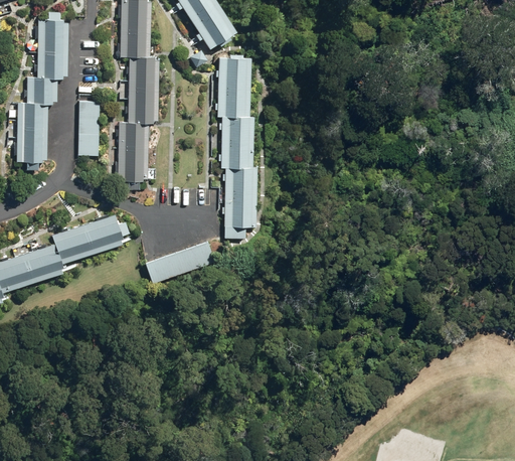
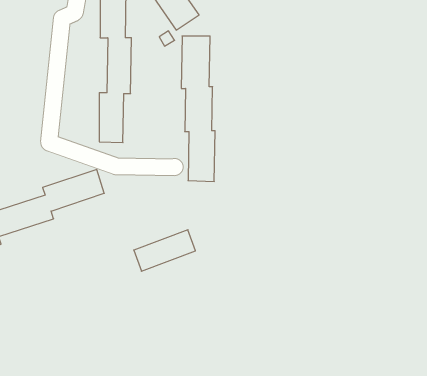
building: [16,18,63,162] -> none
building: [77,102,98,157] -> none
building: [144,239,217,288] -> [134,230,195,271]

